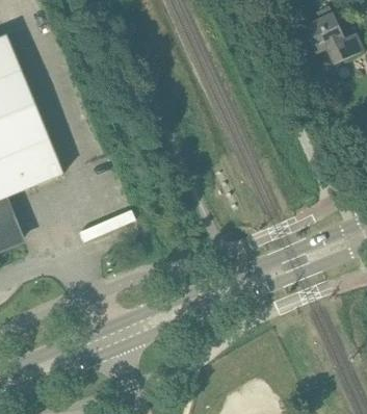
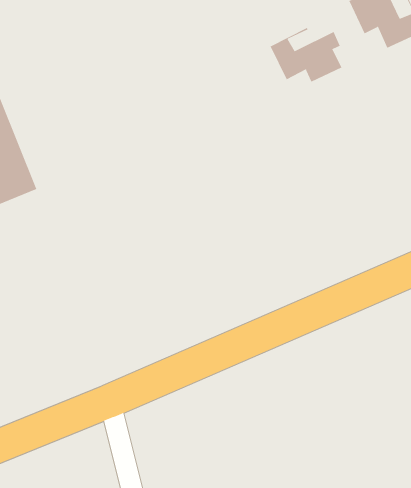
building: none -> [270,27,342,83]

